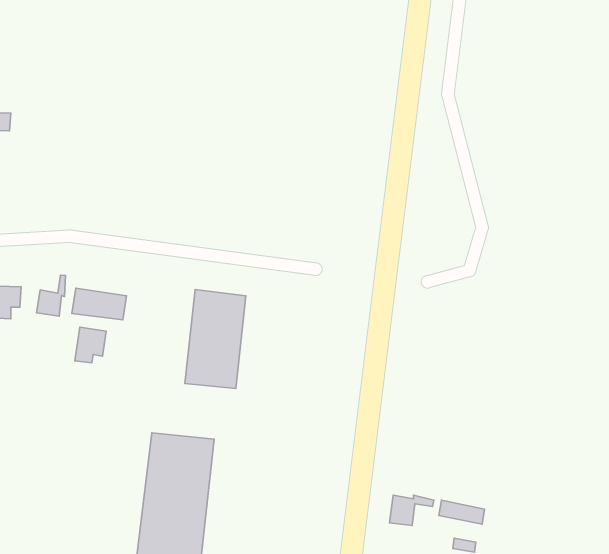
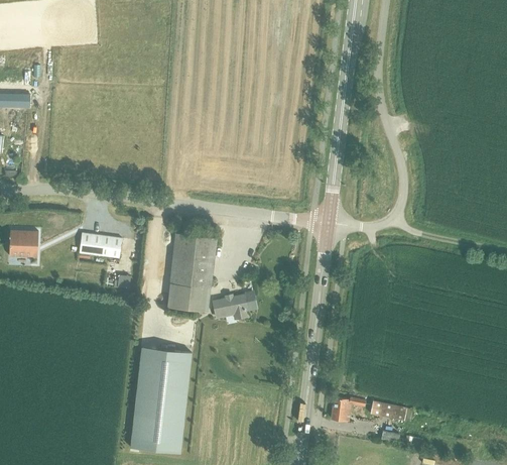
building: [36,275,66,316] -> none
building: [75,327,106,363] -> none
building: none -> [211,293,254,319]

